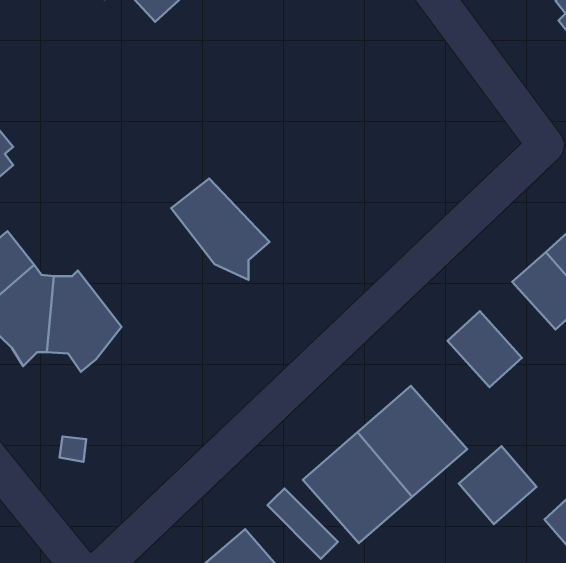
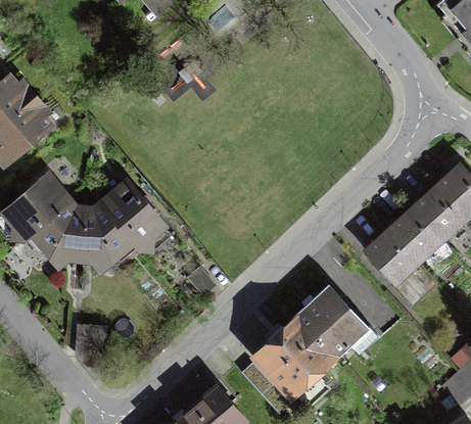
building: [171,179,269,280] -> [96,179,168,252]
building: none -> [388,208,443,264]
building: [459,446,537,524] -> none

